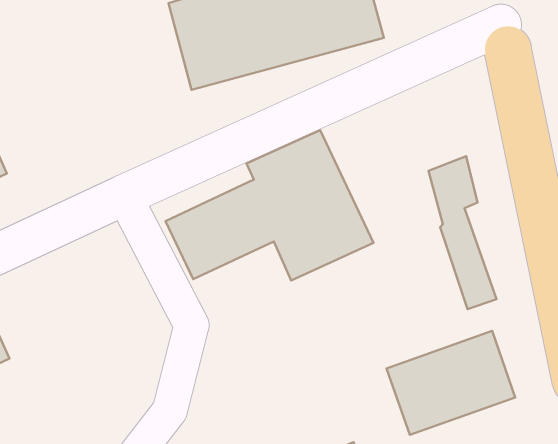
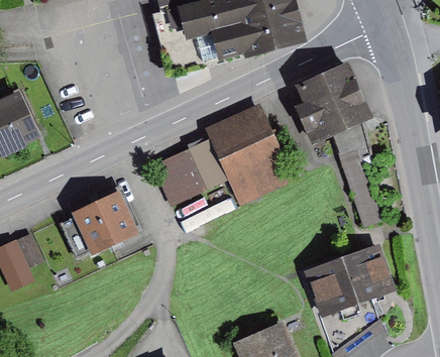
building: none -> [293,60,372,142]
building: none -> [60,188,139,259]

